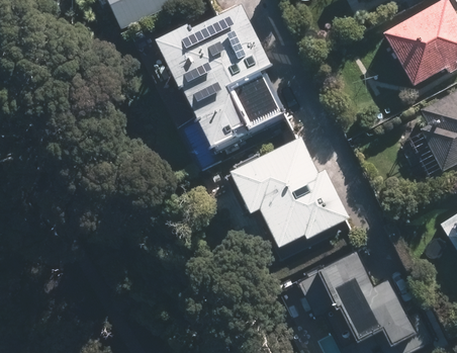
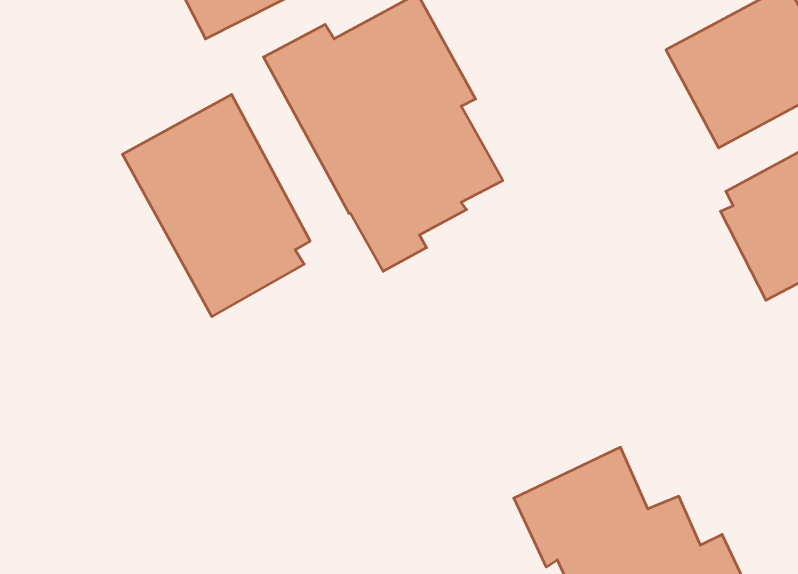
building: none -> [122,94,310,317]
building: [232,137,348,244] -> none

